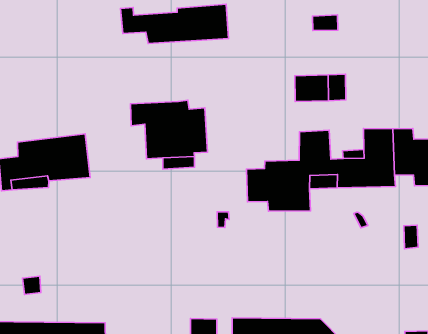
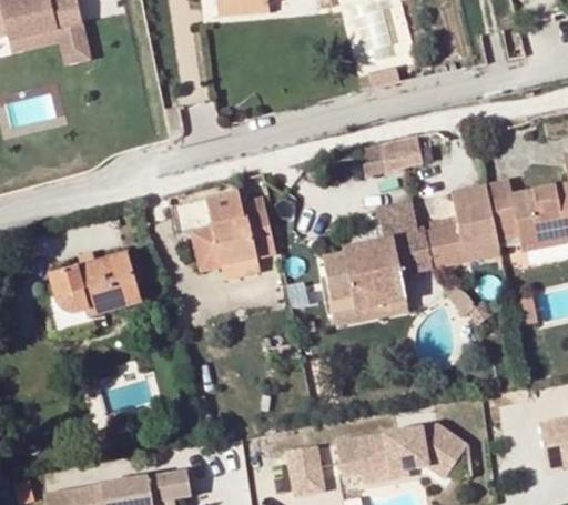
building: [120,4,229,43] -> none
building: none -> [329,295,407,322]

